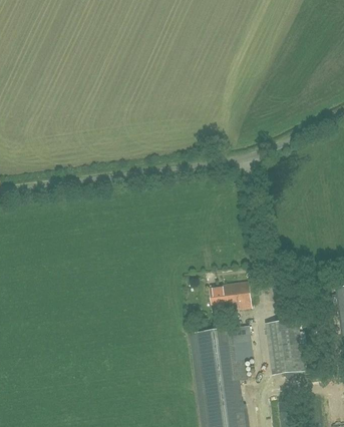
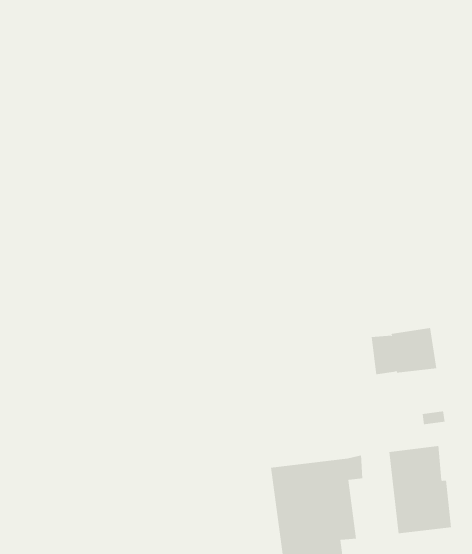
building: [210,281,252,311] -> [371,327,437,375]

